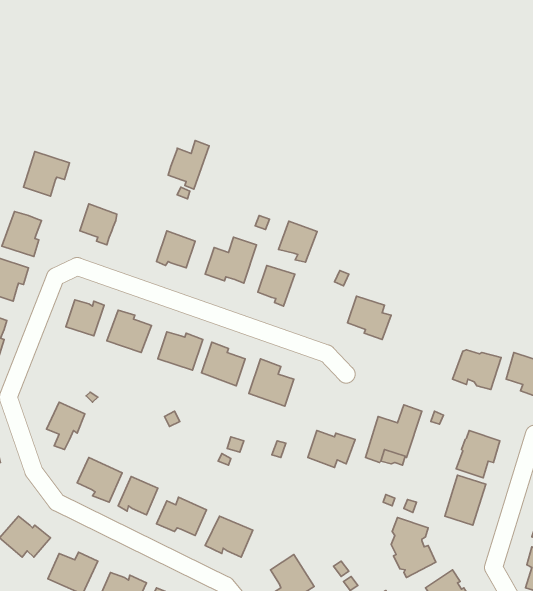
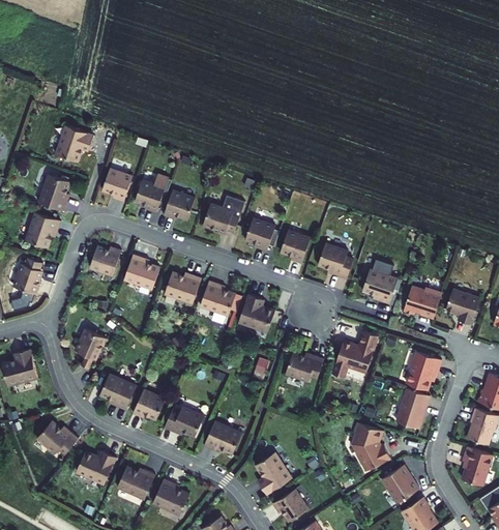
building: [168,141,209,189] -> [135,174,168,213]
building: [279,221,317,262] -> [280,230,311,263]
building: none -> [362,260,398,304]

